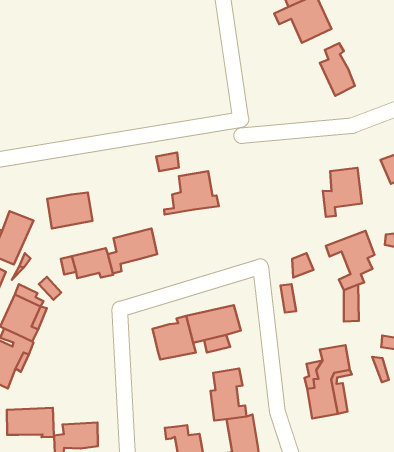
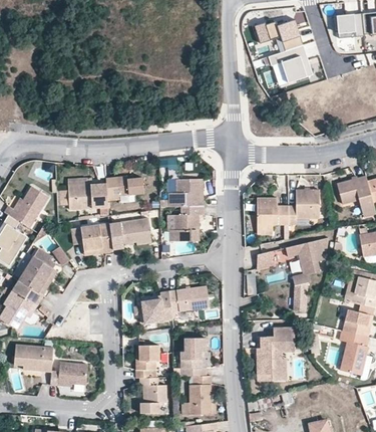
building: [320,43,355,96] -> none
building: none -> [106,175,144,196]
building: none -> [258,194,289,231]
building: none -> [172,205,205,239]
building: none -> [135,344,159,378]

